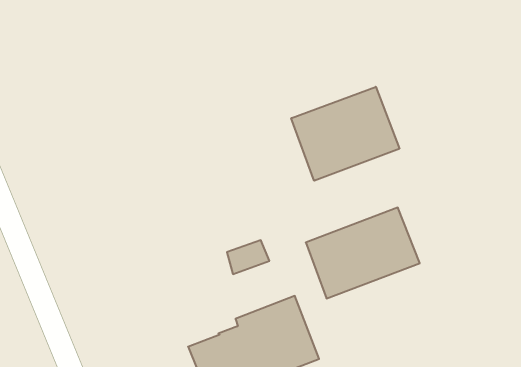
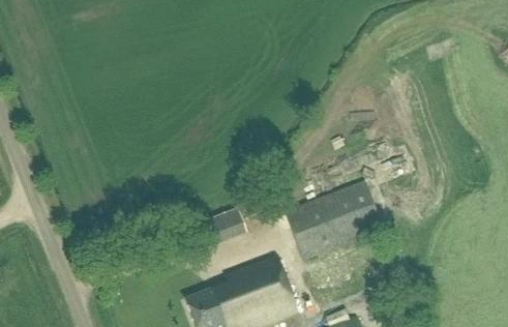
building: [291,87,399,181] -> none

